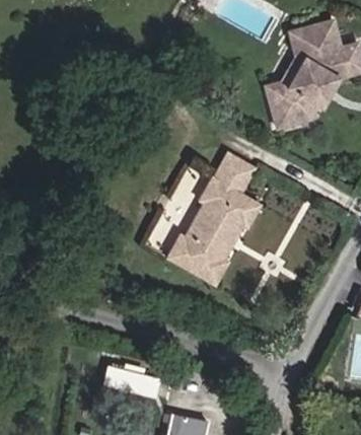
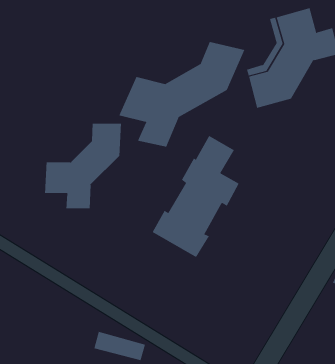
building: none -> [118,41,245,148]
building: none -> [44,123,122,209]

